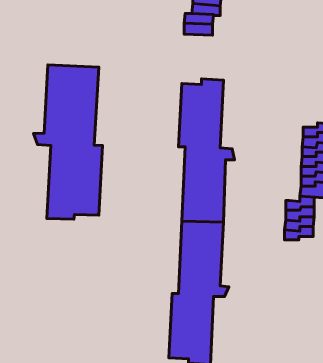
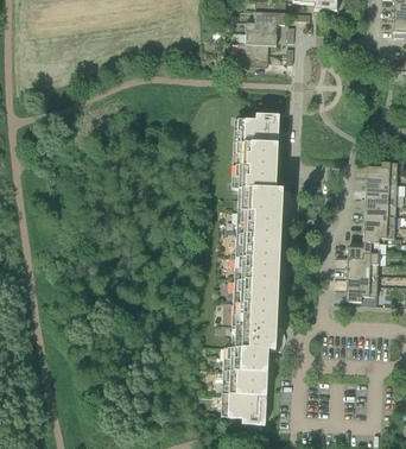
building: [33,65,102,219] -> none
building: none -> [345,285,378,305]

